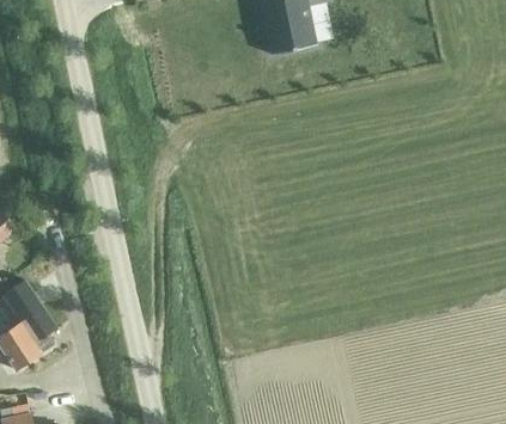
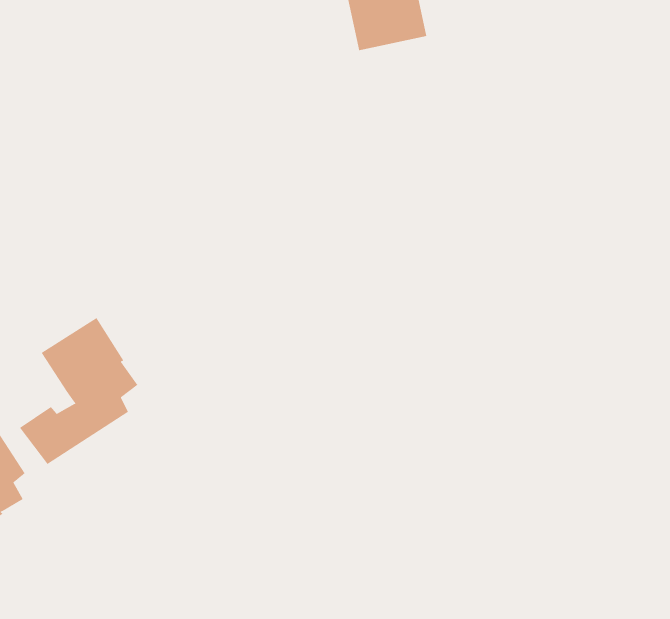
building: none -> [19,317,138,465]

